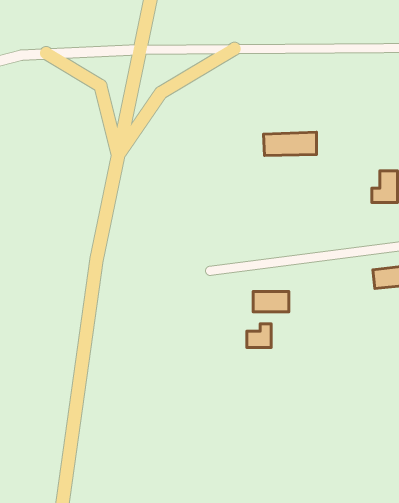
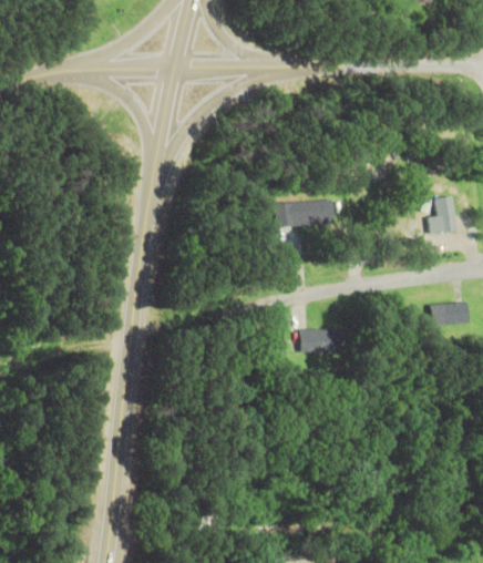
building: [263,132,317,156] -> [276,201,333,226]
building: [247,324,271,347] -> none

